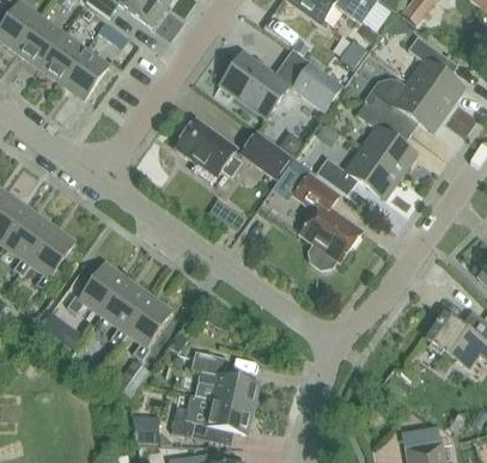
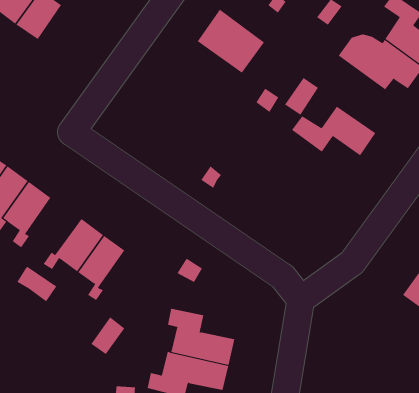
building: [61,48,108,98] -> none
building: [292,62,341,110] -> none
building: [354,98,416,176] -> none
building: [174,117,242,183] -> none
building: [241,132,291,178] -> none
building: [293,173,360,267] -> none
building: [122,293,171,359] -> none

